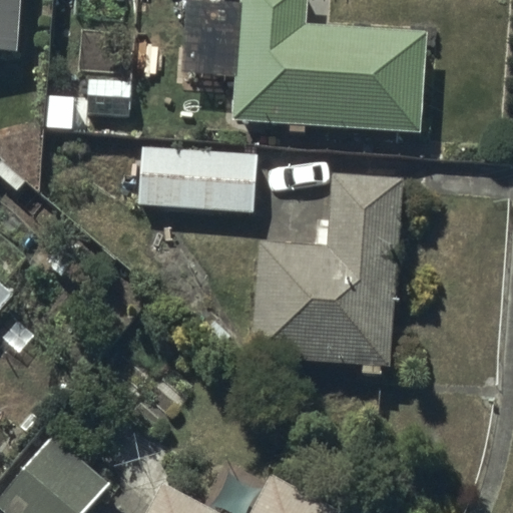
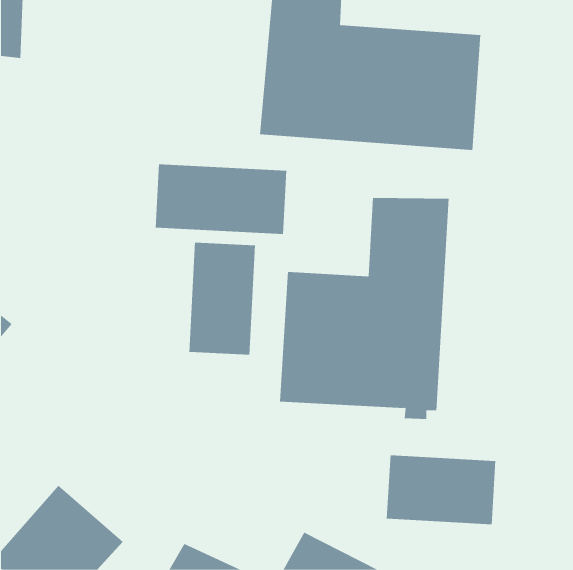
building: none -> [189,242,256,356]
building: none -> [386,454,496,525]

